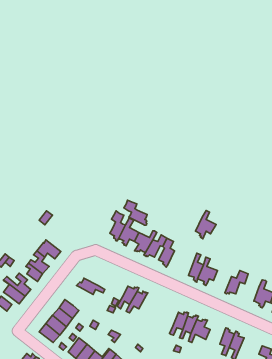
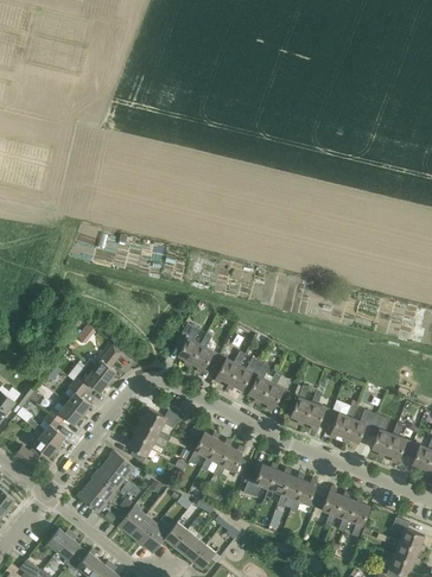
building: [124,200,147,225] -> none
building: [195,210,216,239] -> [260,372,290,412]
building: none -> [85,344,122,382]
building: none -> [325,405,356,438]
building: none -> [136,408,180,431]
building: none -> [370,414,390,458]
building: none -> [123,433,164,463]
building: none -> [212,445,244,477]
building: none -> [242,464,277,497]
building: none -> [315,486,342,526]

